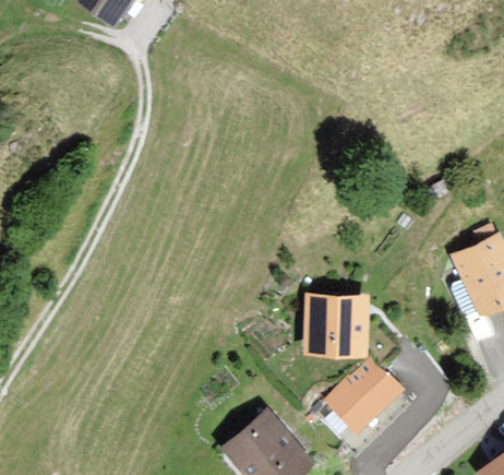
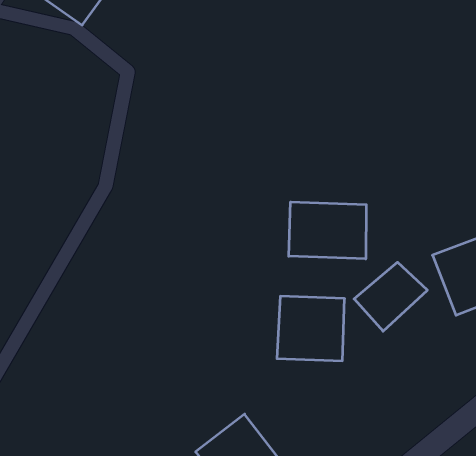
building: none -> [289,202,366,259]
building: [335,356,407,424] -> [354,262,427,331]

